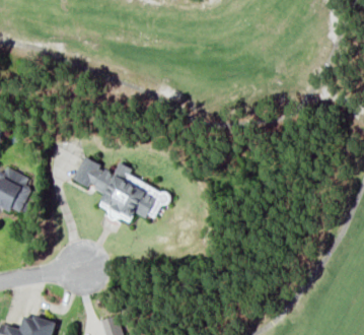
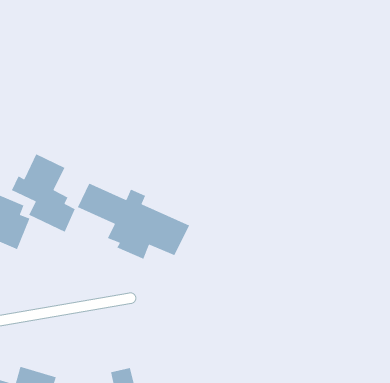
building: none -> [11,153,76,233]

